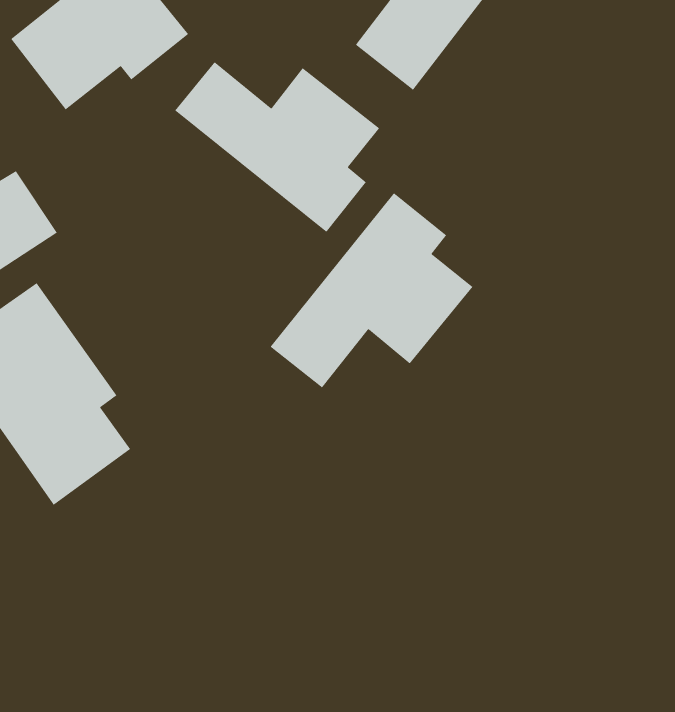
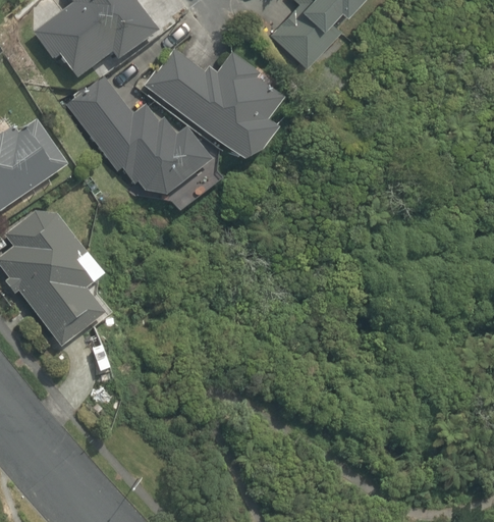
building: none -> [70,76,213,207]
building: [270,192,474,388] -> none

